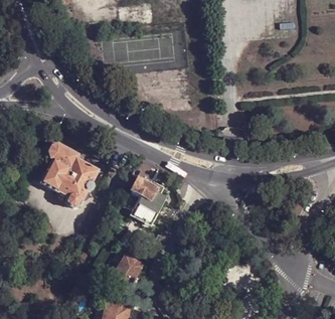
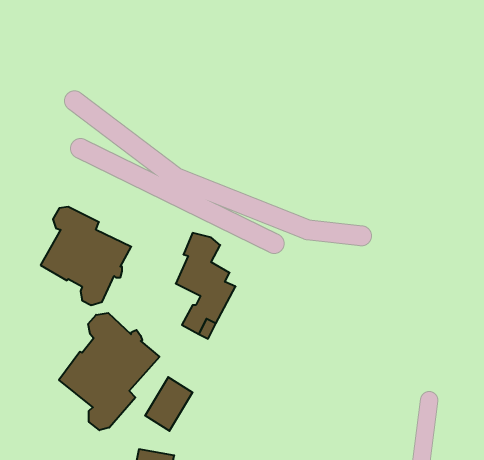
building: none -> [59,313,159,430]

